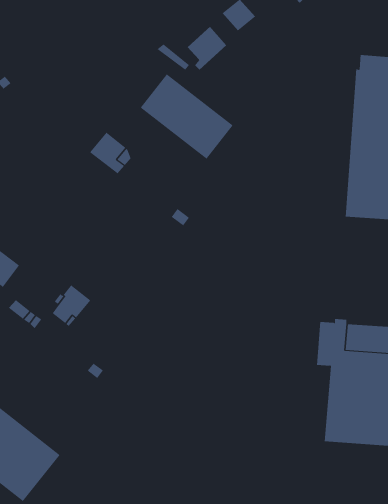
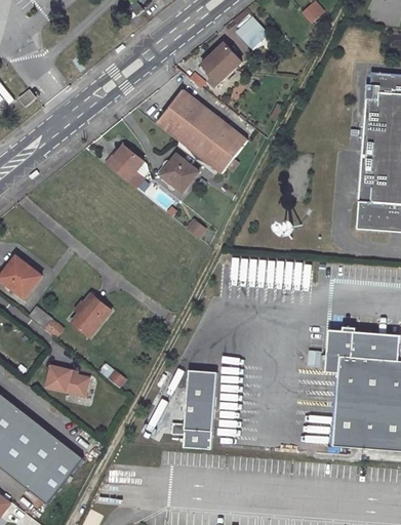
building: none -> [160,153,198,192]
building: none -> [46,365,89,395]
building: none -> [171,370,217,449]

